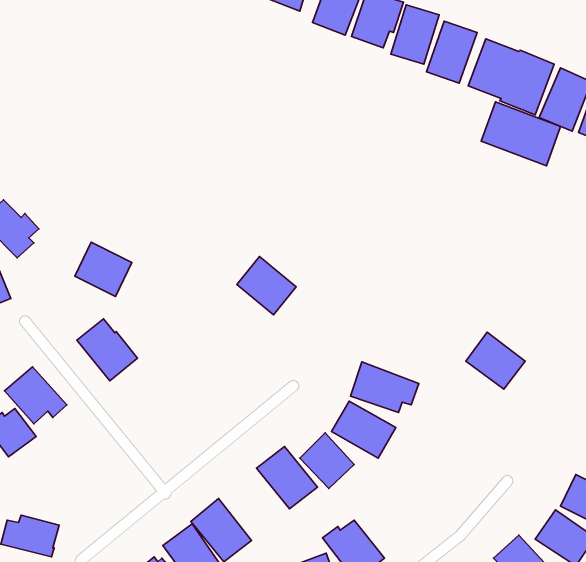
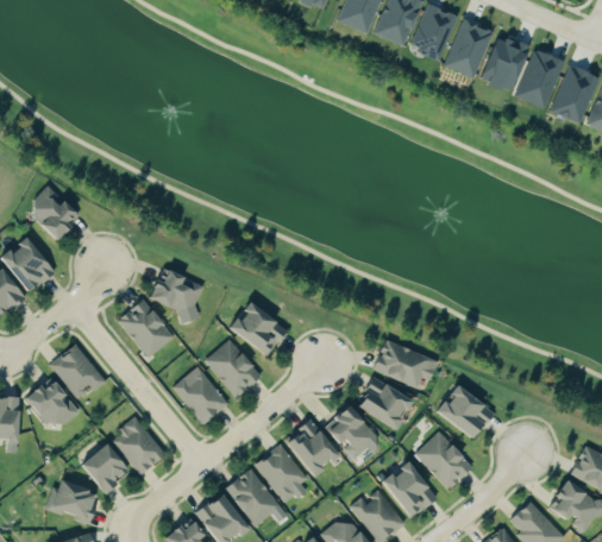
building: [481,102,561,166] -> none
building: [75,242,132,297] -> [151,269,205,320]
building: [237,257,296,315] -> [233,303,289,358]
building: [466,332,525,389] -> [441,387,497,441]
building: none -> [201,339,261,398]
building: none -> [170,366,227,426]
building: none -> [112,418,164,477]
building: none -> [413,433,472,490]
building: none -> [75,443,121,493]
building: none -> [256,446,305,505]
building: none -> [384,461,434,518]

